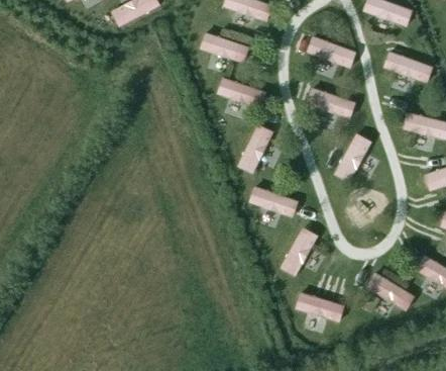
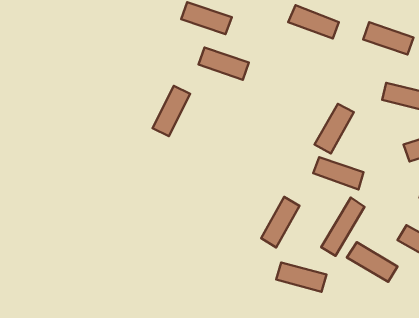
building: [306,87,356,119] -> none
building: [236,123,273,174] -> [153,86,190,136]
building: [248,186,299,218] -> [313,157,364,189]
building: none -> [321,197,364,256]

